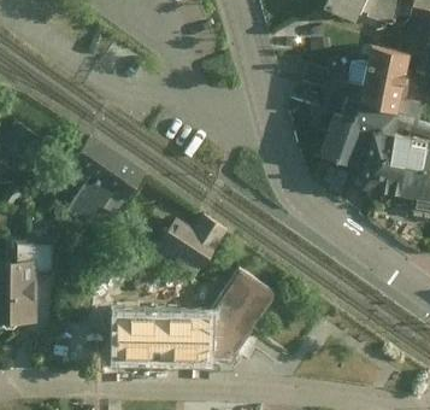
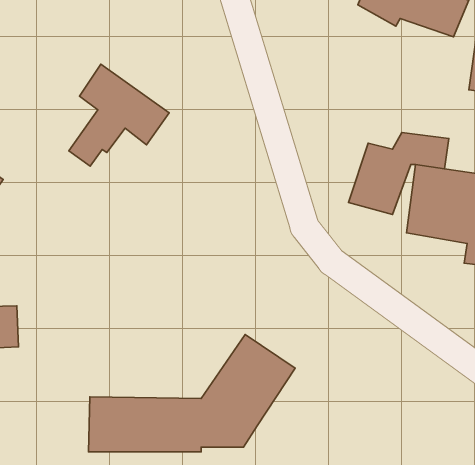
building: [352,48,412,111] -> none
building: [65,140,145,221] -> [69,64,169,166]
building: [158,215,228,274] -> none

